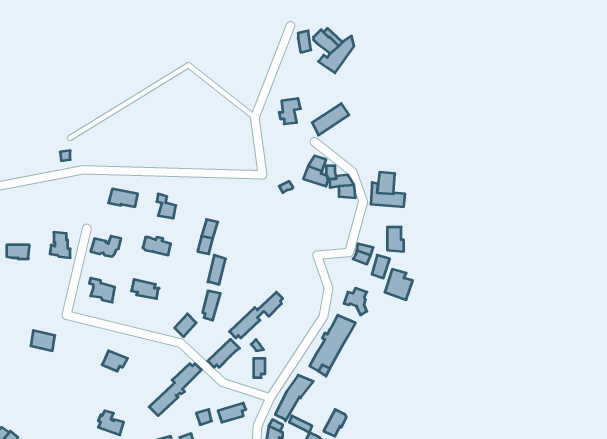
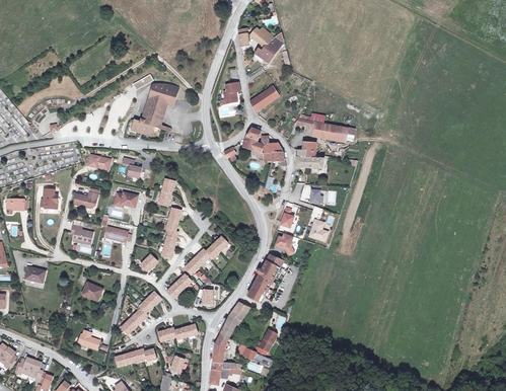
building: none -> [131,83,178,136]
building: none -> [293,119,348,142]

